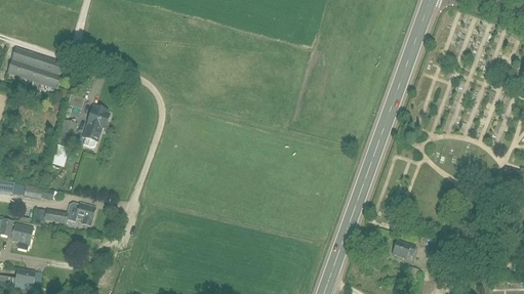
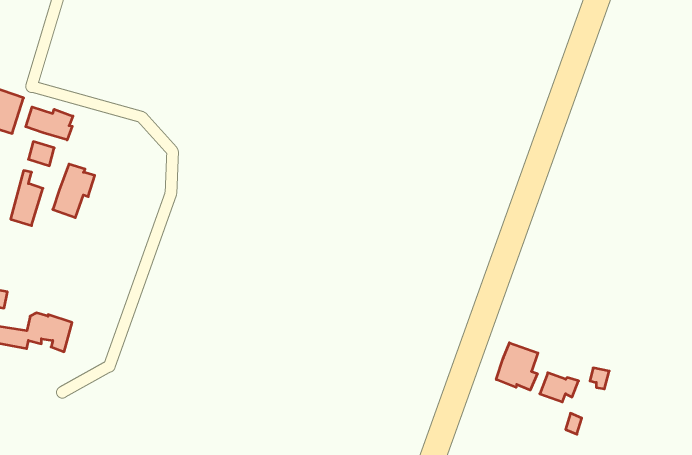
building: none -> [26,107,73,140]
building: none -> [496,343,538,390]

